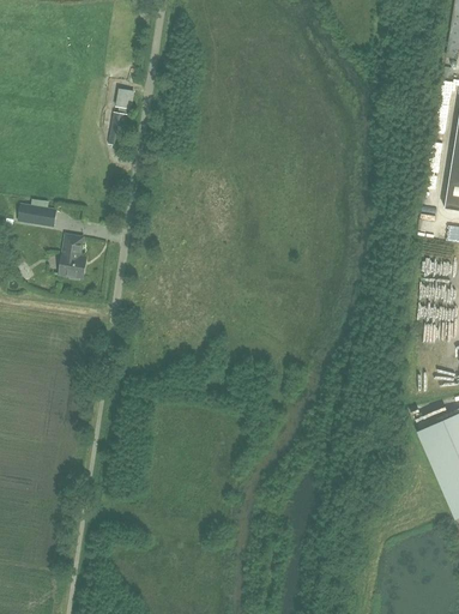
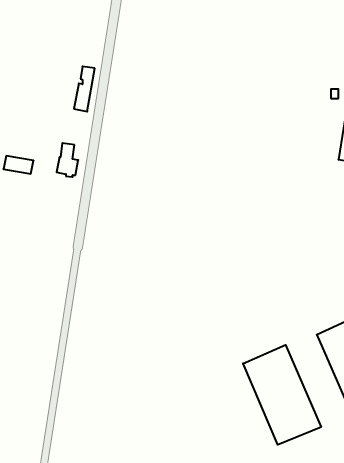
building: [58,236,85,279] -> [57,143,78,177]
building: none -> [243,345,321,445]

